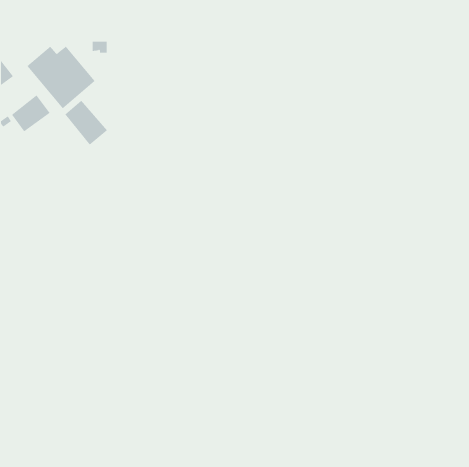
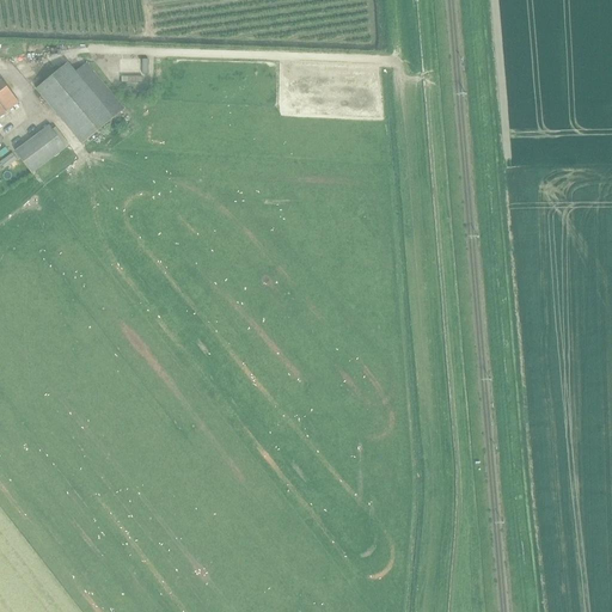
building: [64,100,108,146] -> none

